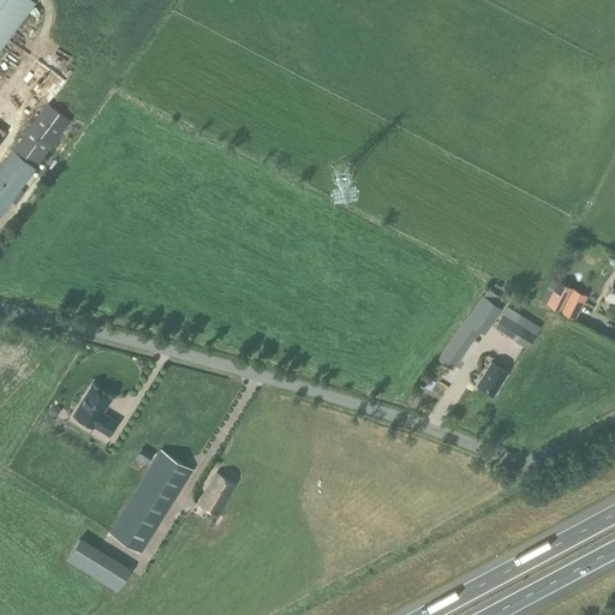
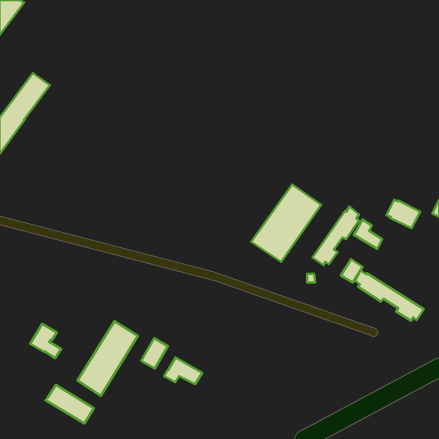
building: none -> [251,185,321,262]
building: none -> [355,270,424,321]
building: [72,388,115,436] -> [30,324,61,358]
building: none -> [164,357,202,384]

